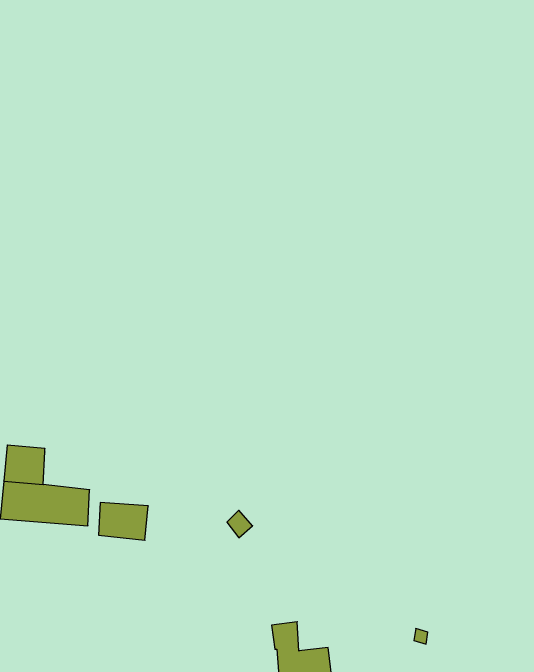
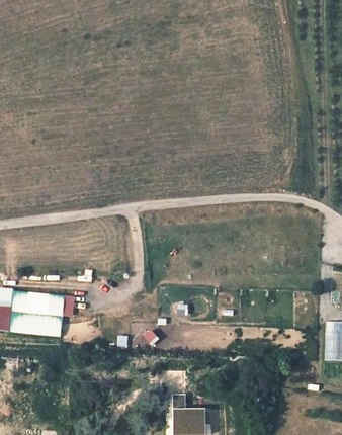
building: [99,503,148,540] -> [34,293,64,316]

